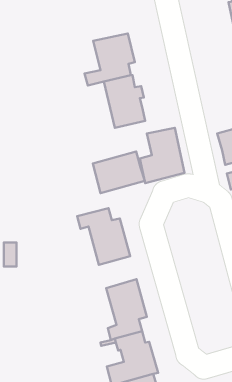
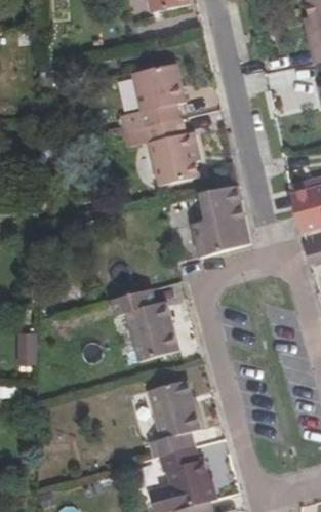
building: [93,152,145,193] -> none

